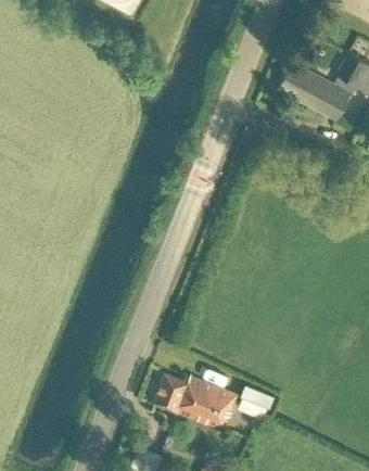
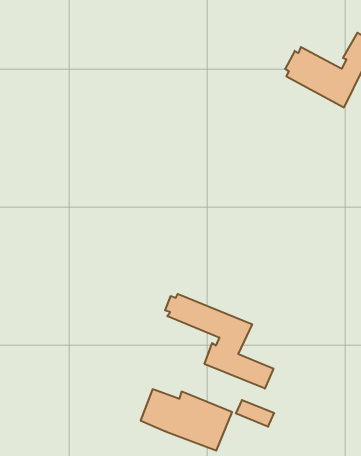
building: none -> [165,294,273,389]

